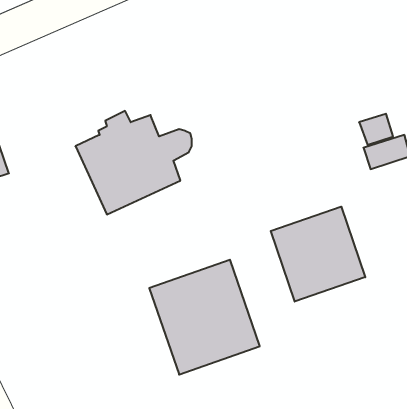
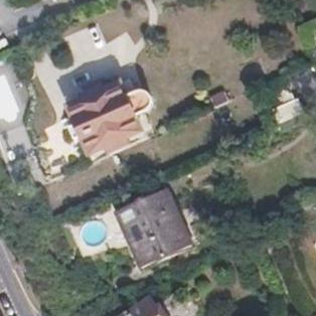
building: [271,207,365,302] -> none

